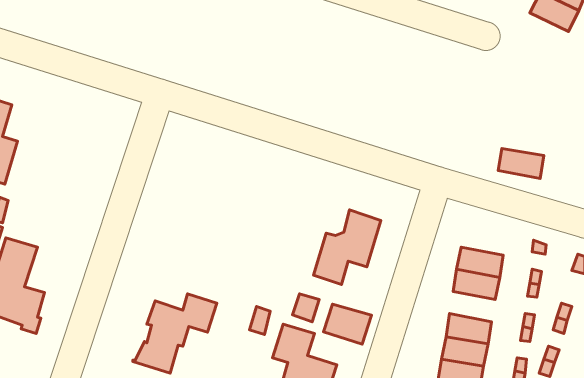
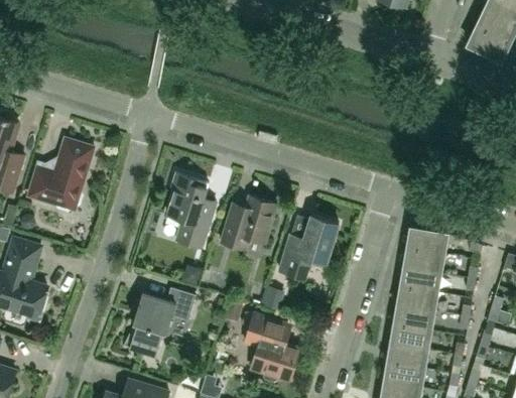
building: none -> [28,138,94,211]
building: [498,148,544,179] -> [407,228,446,254]
building: none -> [166,173,216,248]
building: none -> [220,195,276,250]
building: none -> [397,285,436,311]
building: [324,304,372,344] -> none

